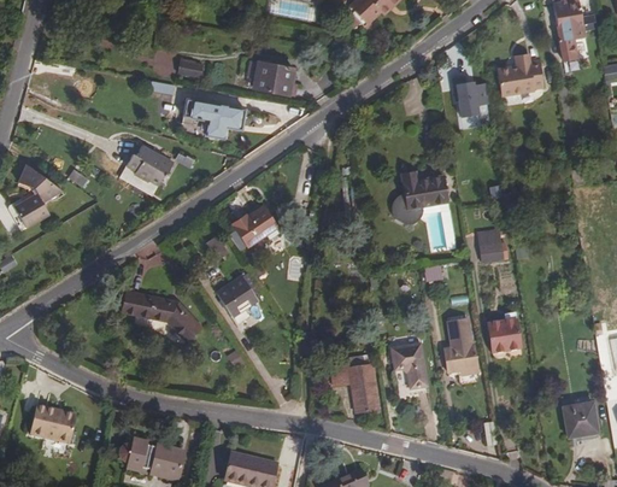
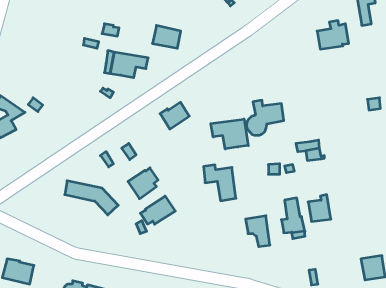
building: [452,75,489,117] -> none
building: [125,145,172,186] -> none
building: none -> [211,119,248,149]
building: [233,206,276,246] -> [160,102,189,129]
building: none -> [140,196,175,224]
building: [330,359,378,412] -> [204,165,236,201]

